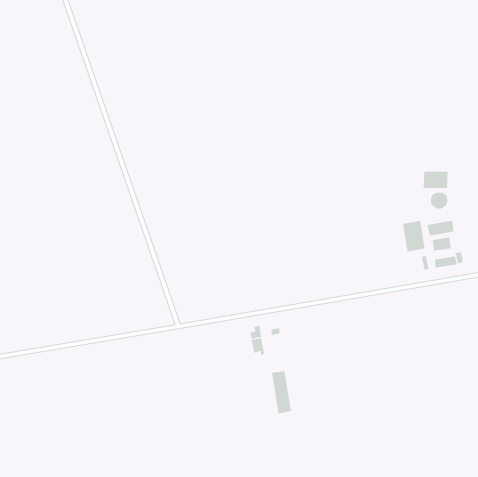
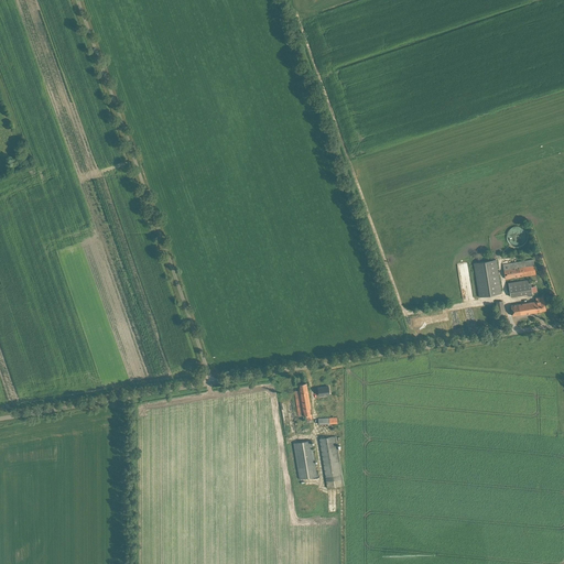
building: [423,171,448,189] -> none
building: none -> [294,441,317,480]

